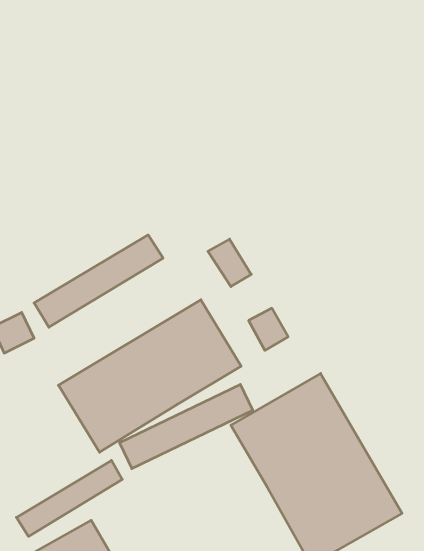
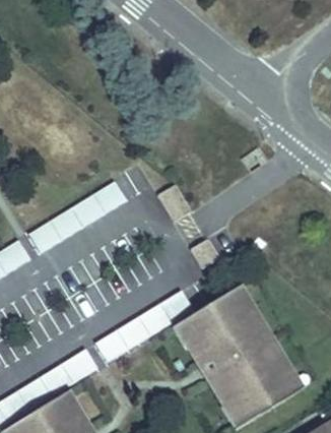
building: [58,300,241,452] -> none

